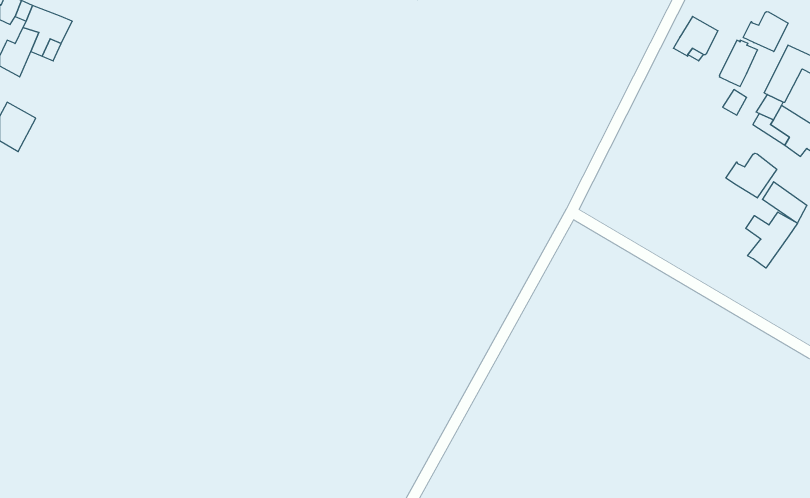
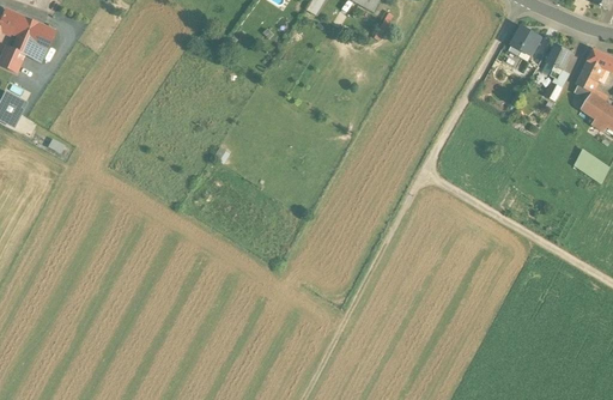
building: [743,12,788,52] -> none
building: [726,153,777,198] -> none
building: [746,212,797,268] -> none

